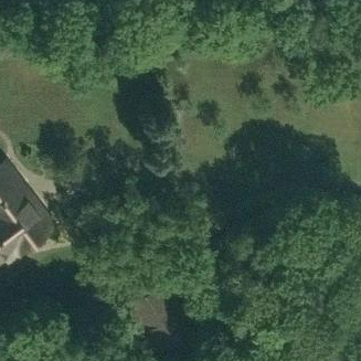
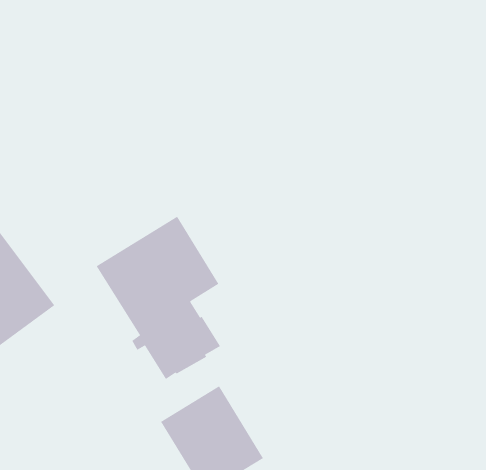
building: none -> [96,216,221,380]

